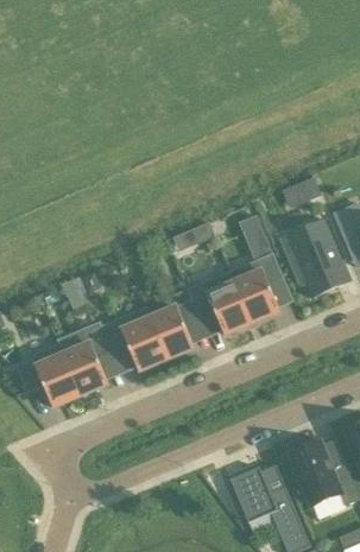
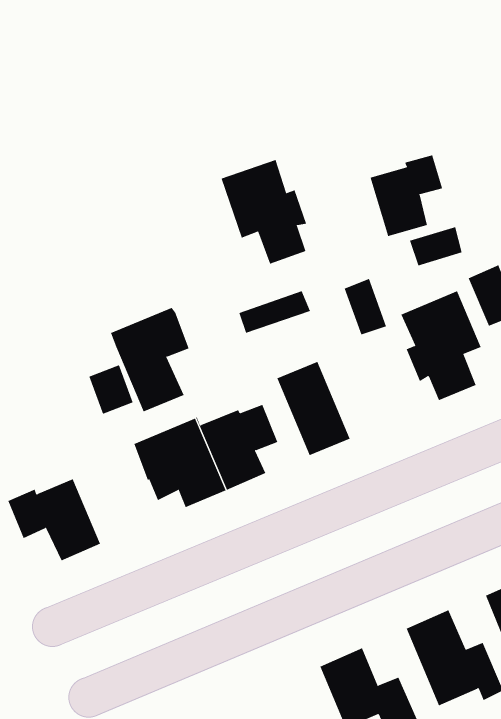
building: none -> [370,154,443,237]
building: none -> [221,159,307,264]
building: [229,250,283,322] -> none
building: [57,322,112,394] -> [110,307,190,412]

